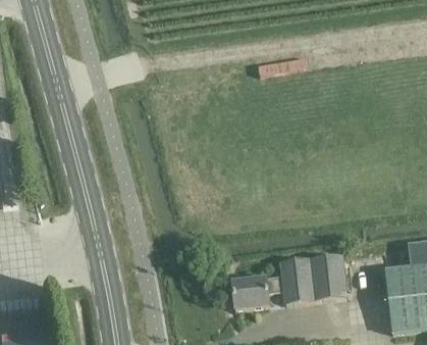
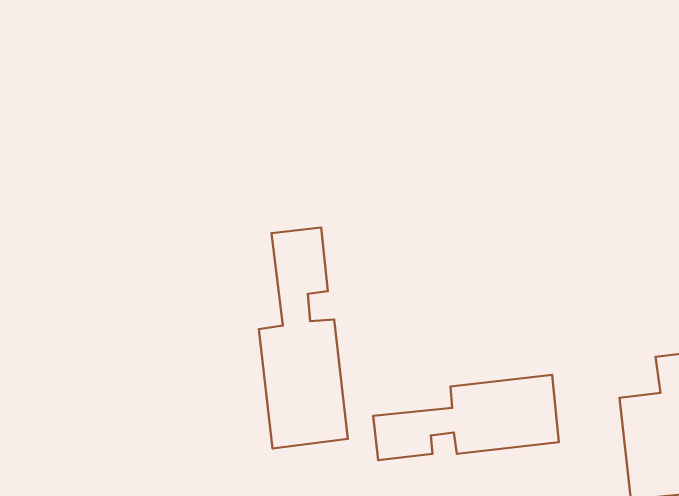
building: none -> [259,227,348,449]

